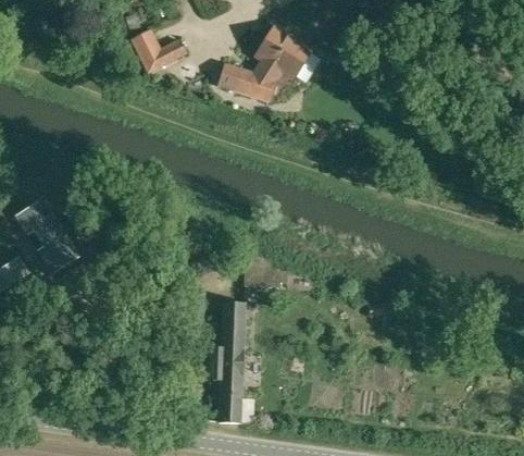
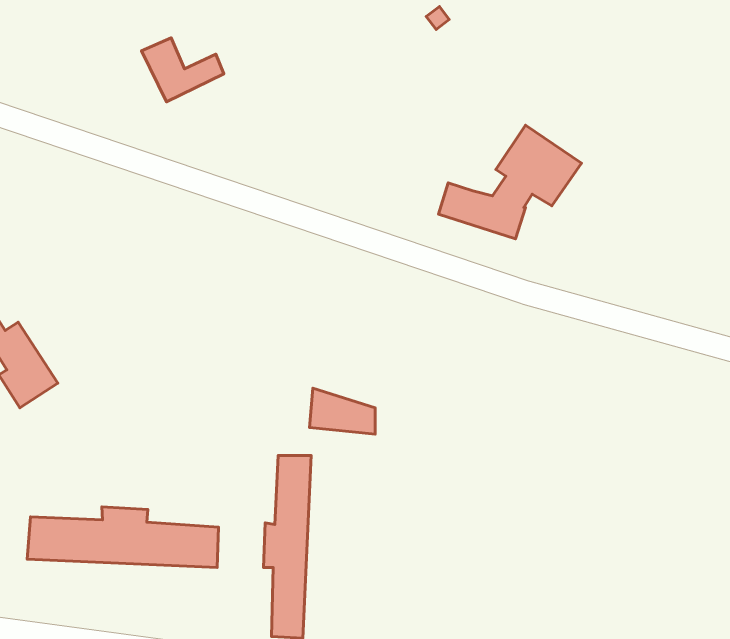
building: [219,27,313,102] -> [438,125,581,239]
building: none -> [27,507,219,568]

